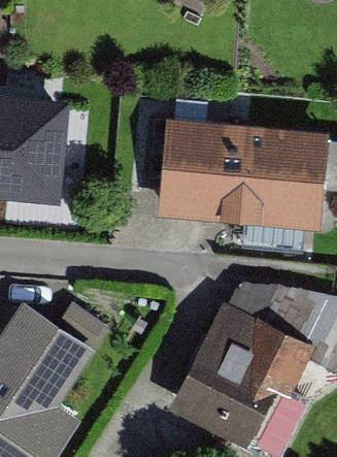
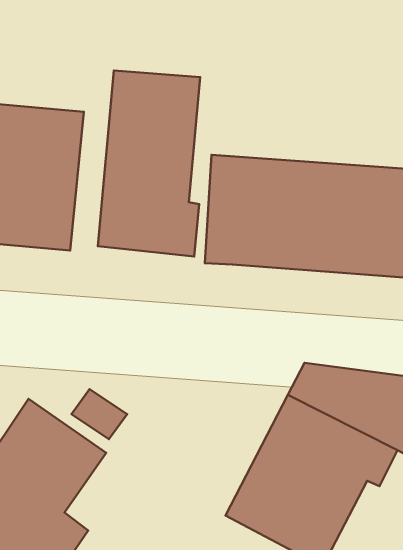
building: none -> [98,71,200,256]

